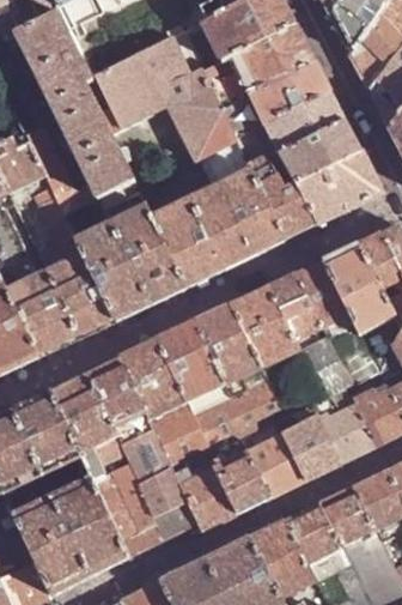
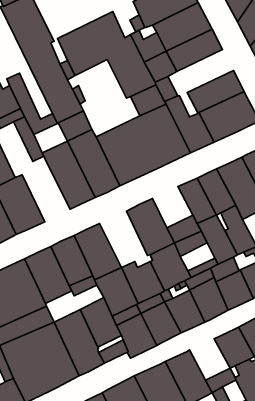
building: [266,92,346,153] -> none
building: [45,253,114,338] -> none
building: [231,288,288,346] -> none
building: [156,322,224,403] -> none
building: [79,436,128,480] -> none
building: [284,504,341,563] -> none

